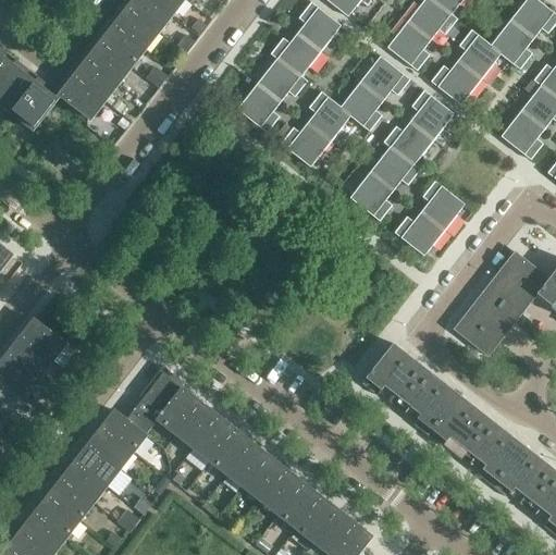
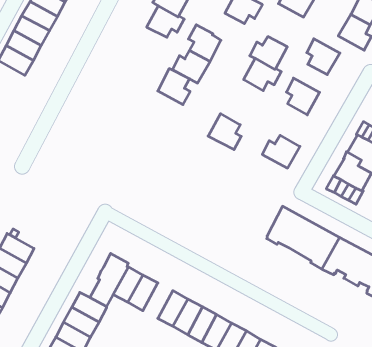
building: [339,82,383,131] -> none
building: [237,83,281,132] -> [158,69,190,105]
building: [410,89,454,138] -> [307,39,340,75]
building: [349,171,393,220] -> [208,114,241,150]
building: [394,211,444,255] -> [262,135,300,168]
building: [191,414,234,459] -> none

